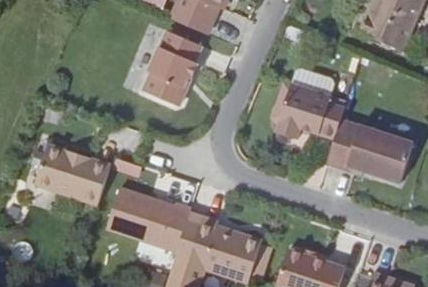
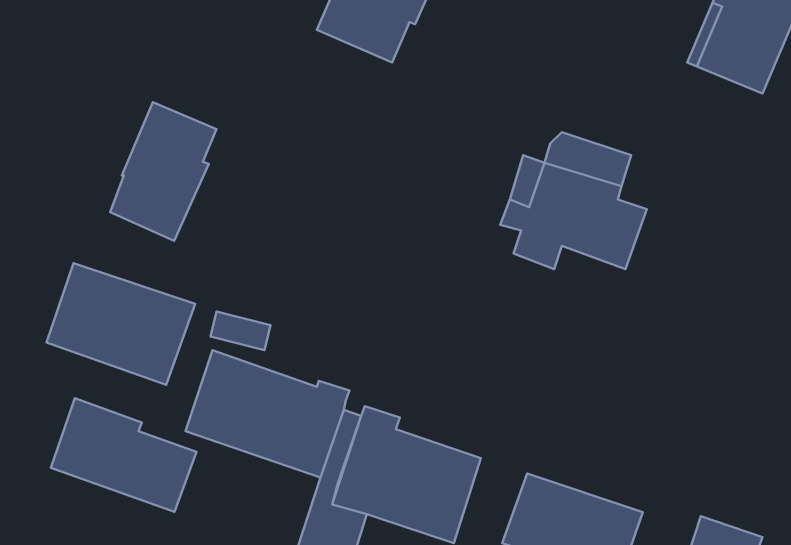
building: [148,30,203,102] -> [110,102,216,241]
building: [324,121,412,185] -> none
building: none -> [51,398,196,512]

